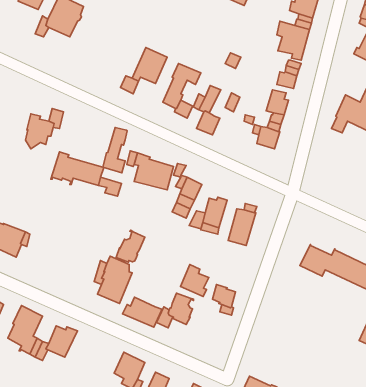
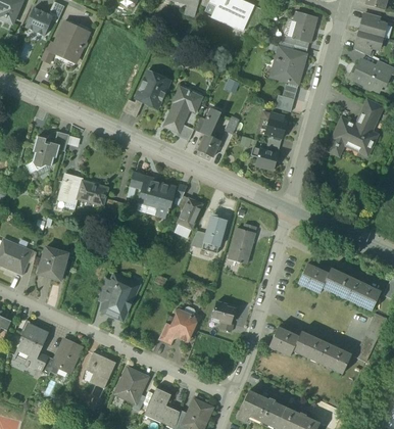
building: [103,128,127,173] -> none
building: none -> [37,247,67,280]
building: [116,230,145,262] -> none
building: [180,264,209,296] -> none
building: [122,297,162,327] -> none
building: none -> [268,326,350,373]
building: none -> [82,351,115,388]

